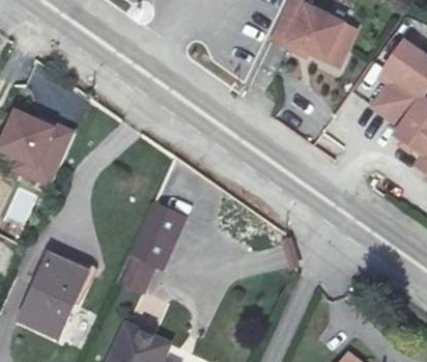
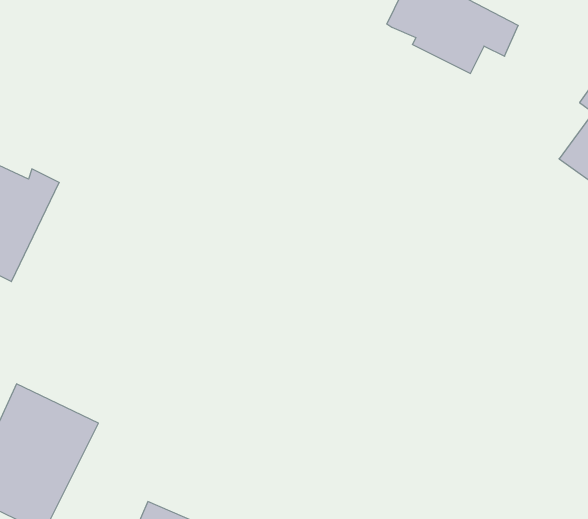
building: [117,199,182,293] -> none

